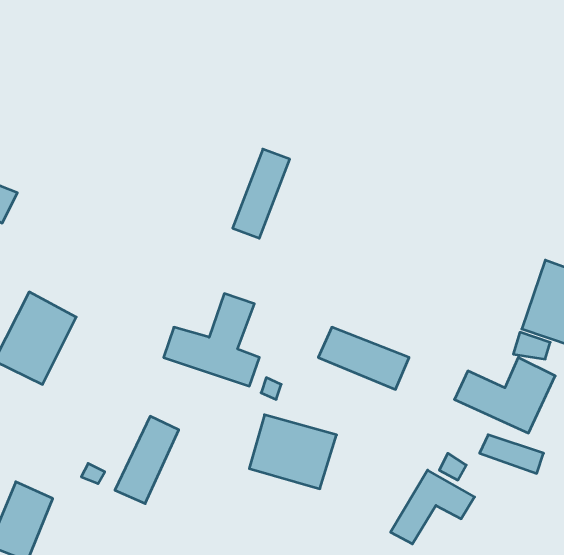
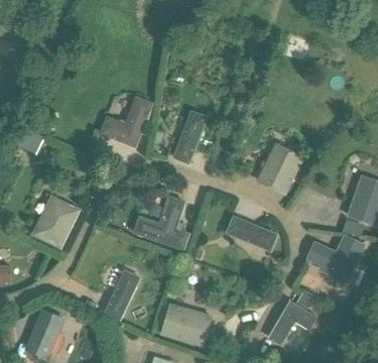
building: none -> [98,96,152,148]
building: none -> [256,142,304,196]
building: [249,415,337,489] -> [159,304,212,348]

